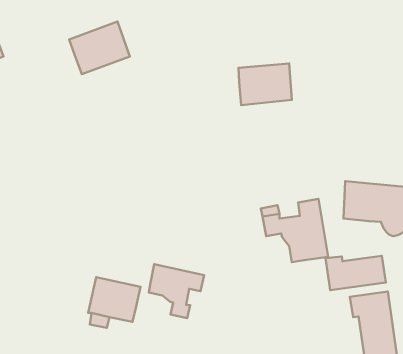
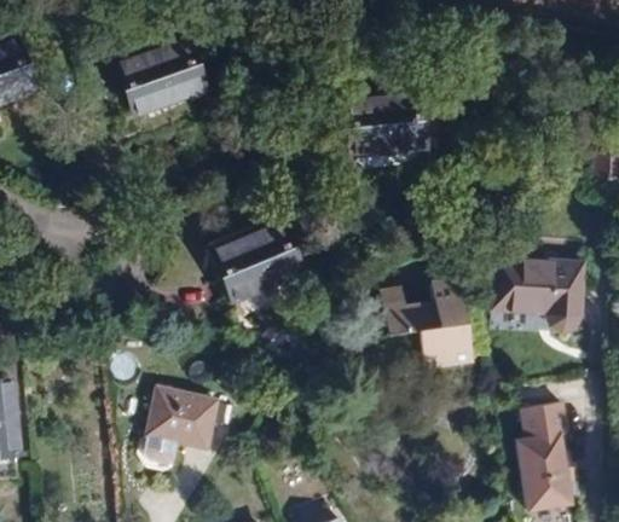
building: none -> [216,226,300,298]
building: [326,256,386,290] -> none
building: [149,264,204,318] -> none

